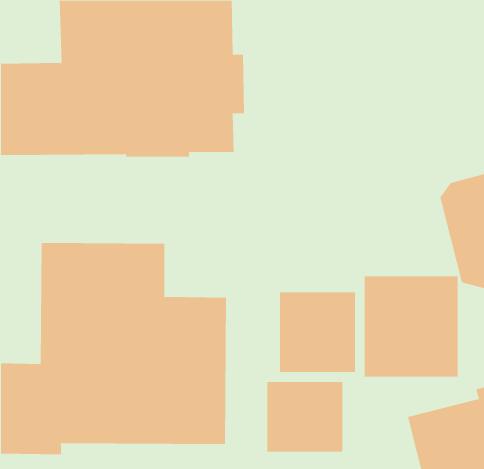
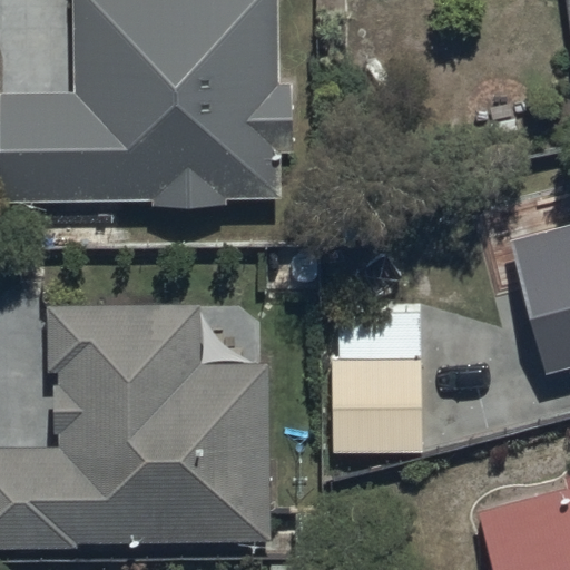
building: [364,275,458,378] -> none
building: [267,381,343,452] -> none

